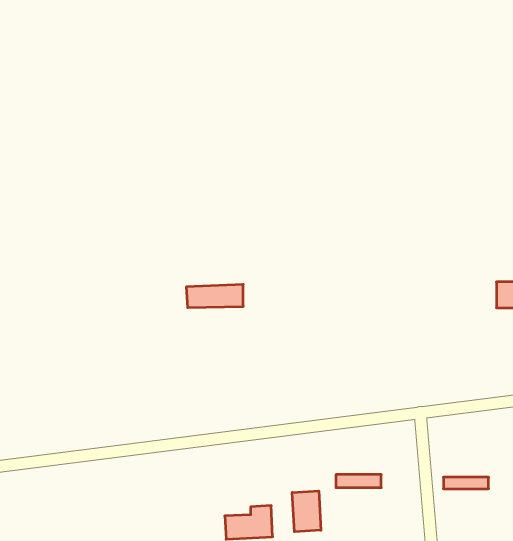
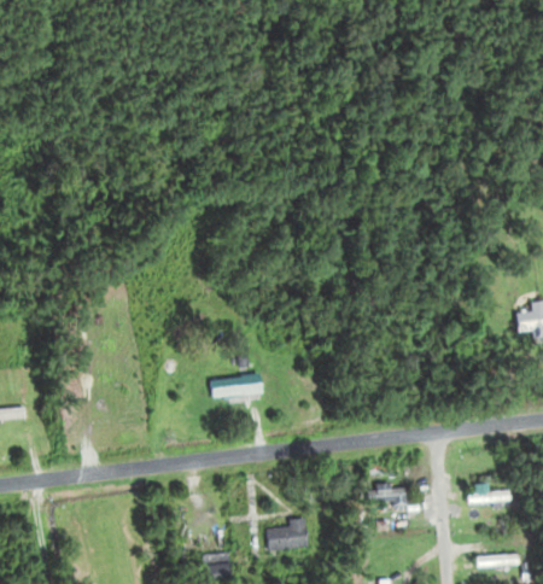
building: [186,284,243,308] -> [209,376,262,398]
building: [292,491,321,532] -> none

